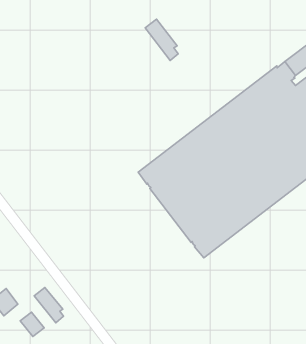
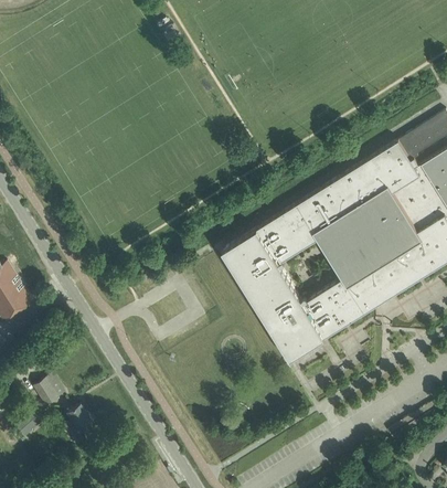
building: [145,19,178,61] -> none
building: [34,287,64,323] -> none

